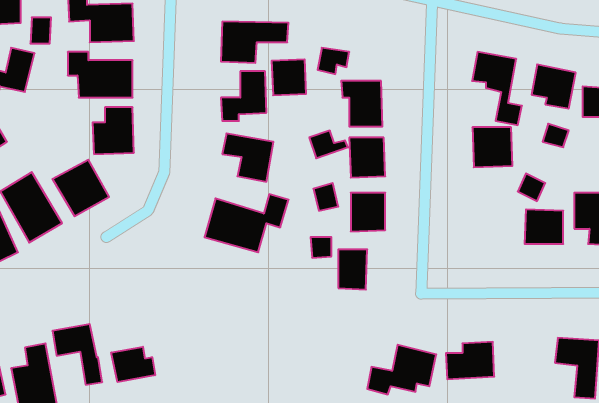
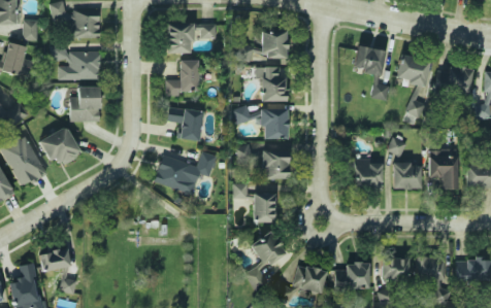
building: [272,59,306,95] -> [262,31,288,58]
building: [472,127,512,167] -> [354,159,384,189]
building: none -> [246,230,288,290]
building: none -> [383,258,411,282]
building: [111,347,155,382] -> none

